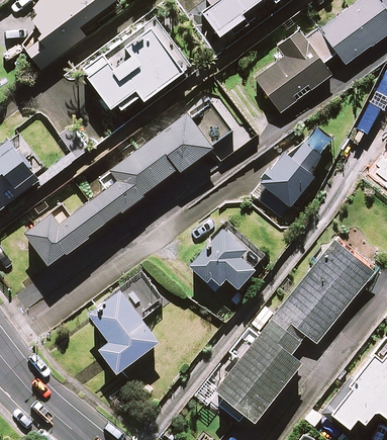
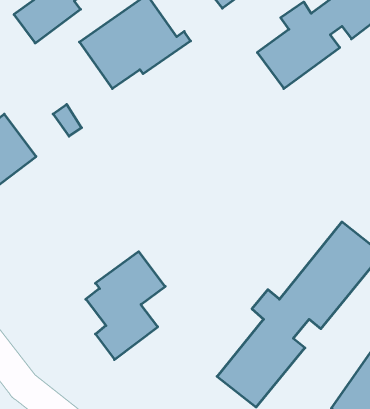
building: [25,99,230,265] -> none
building: [250,128,330,219] -> none
building: [190,227,262,289] -> none

